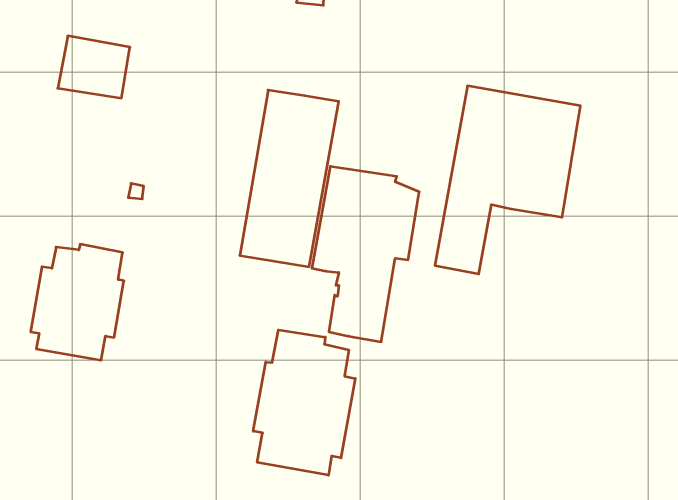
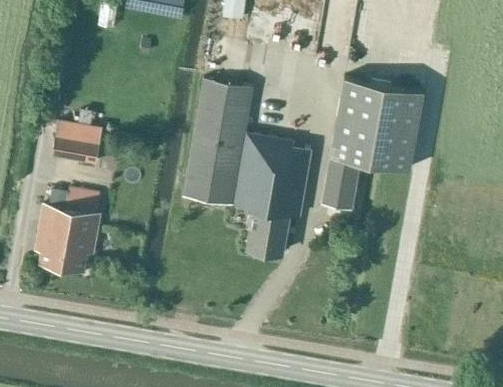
building: [58,36,130,98] -> [51,120,102,164]
building: [253,330,355,475] -> none

